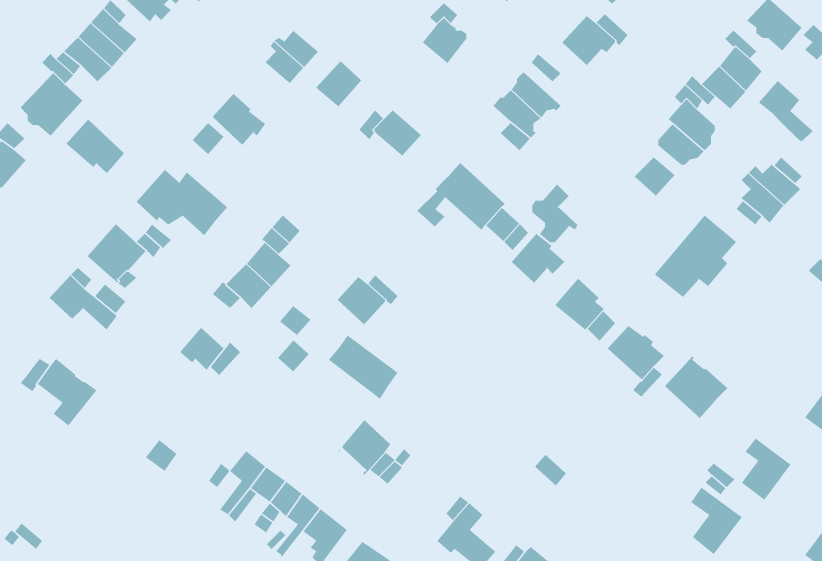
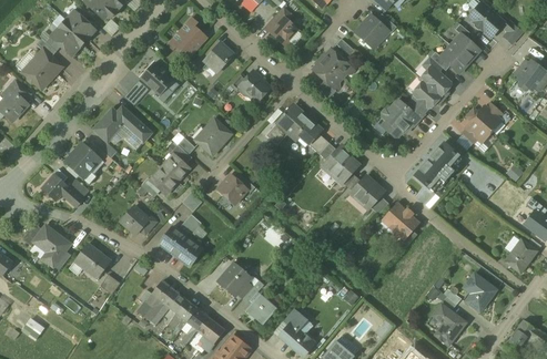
building: [758,80,814,142] -> none
building: [65,119,125,174] -> none
building: [532,183,579,243] -> [383,99,412,135]
building: none -> [195,117,231,154]
building: [328,335,398,400] -> [159,226,202,266]
building: [664,356,728,419] -> none
building: none -> [74,243,111,278]
building: none -> [246,293,277,324]

